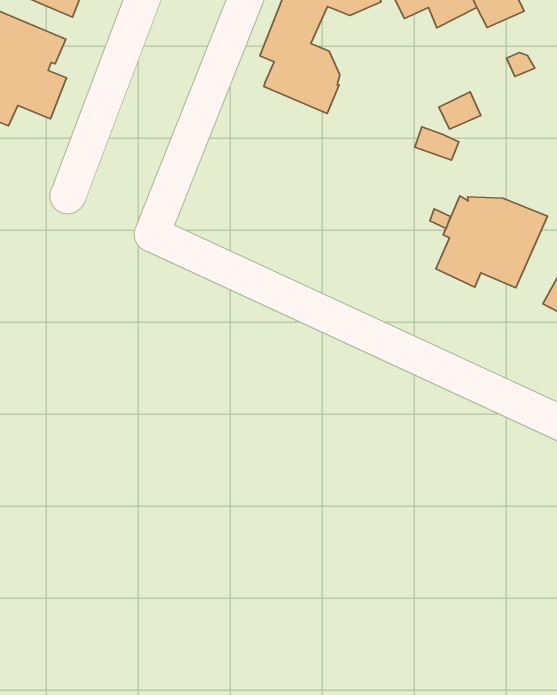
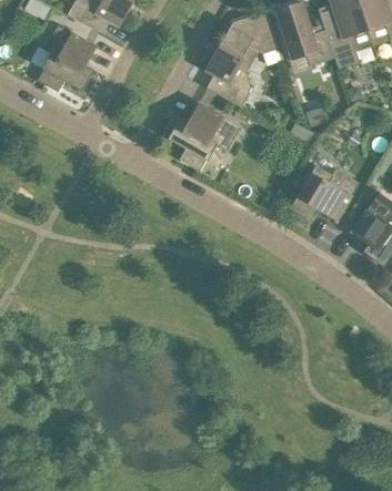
building: none -> [168,101,241,171]

